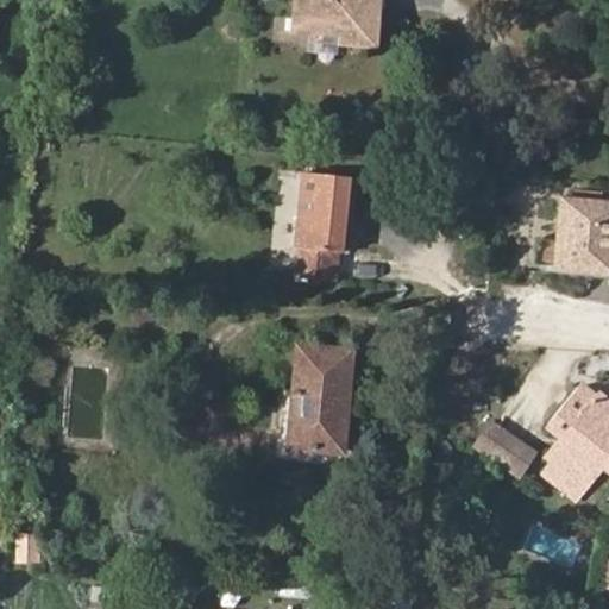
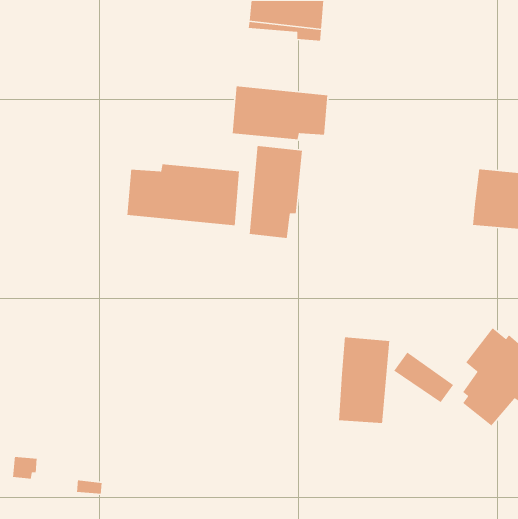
building: none -> [232,86,328,140]
building: none -> [127,164,240,226]
building: [290,346,351,448] -> [338,336,390,424]

